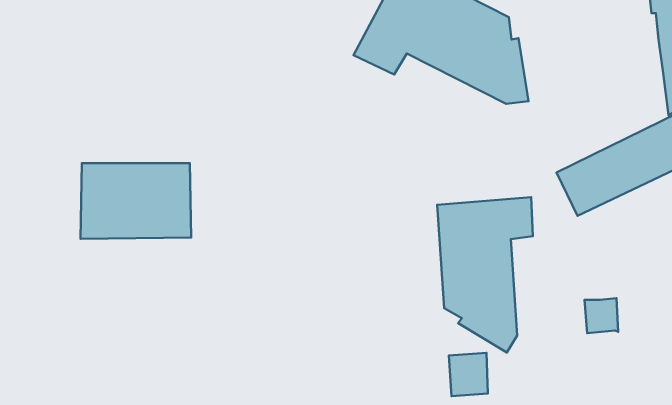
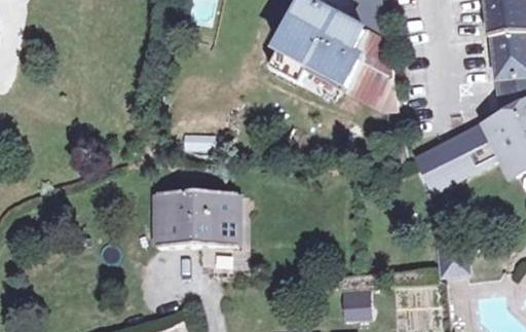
building: [81,163,191,239] -> [157,190,238,246]
building: [437,197,533,352] -> none

